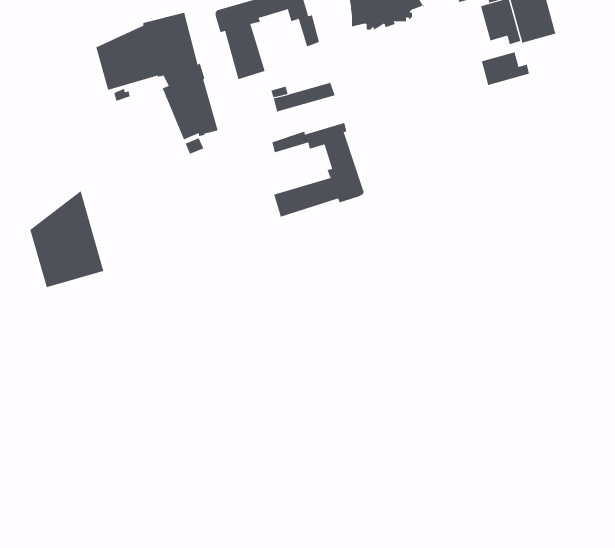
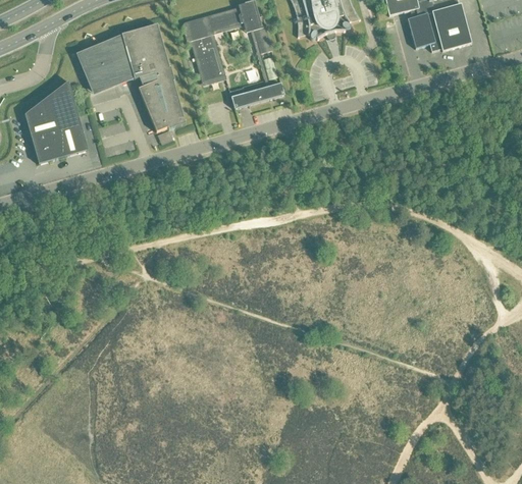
building: [481,52,530,86] -> none
building: [272,122,364,217] -> none
building: [29,190,104,288] -> [24,80,88,163]

